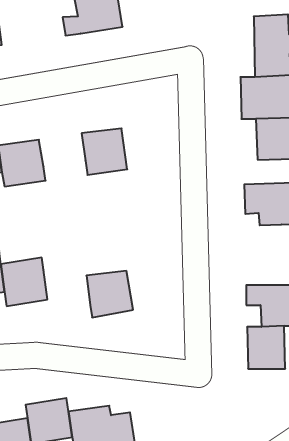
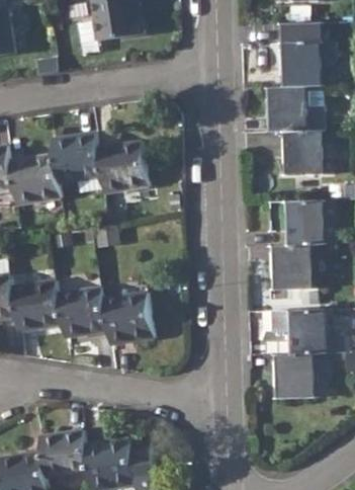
building: none -> [51,133,102,182]
building: none -> [272,244,312,290]
building: none -> [58,288,107,337]

